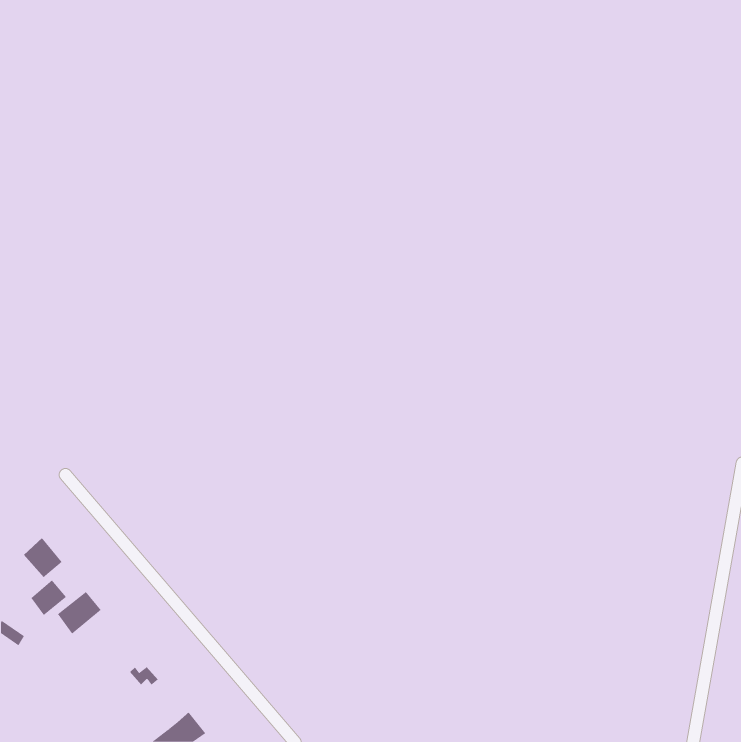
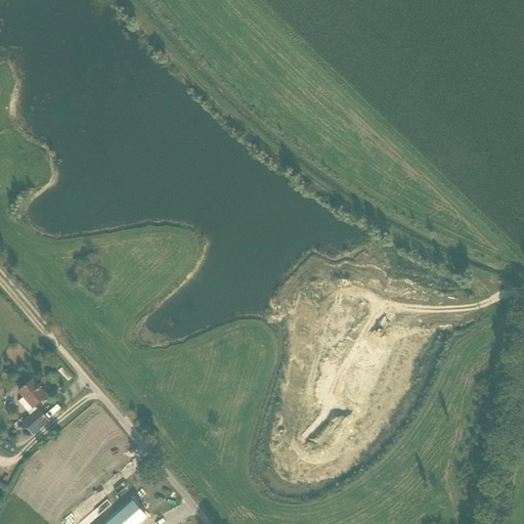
building: [57,591,102,635] -> none

